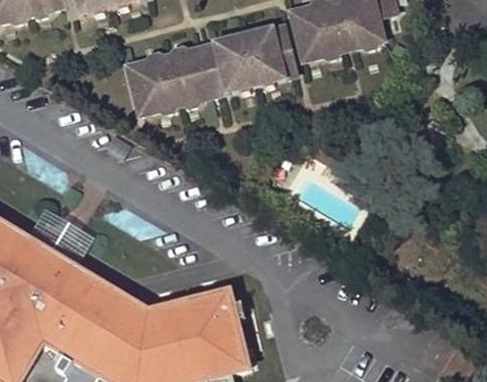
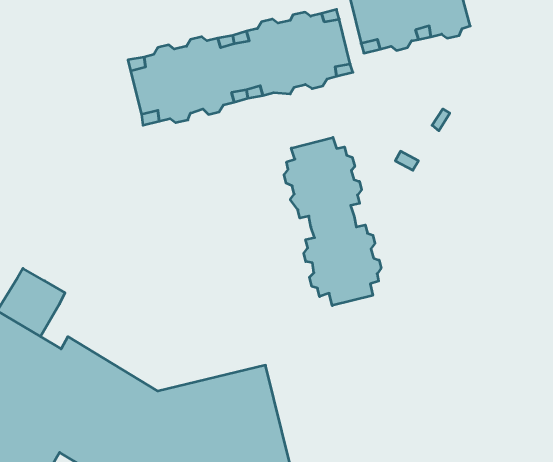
building: none -> [284,137,381,306]

